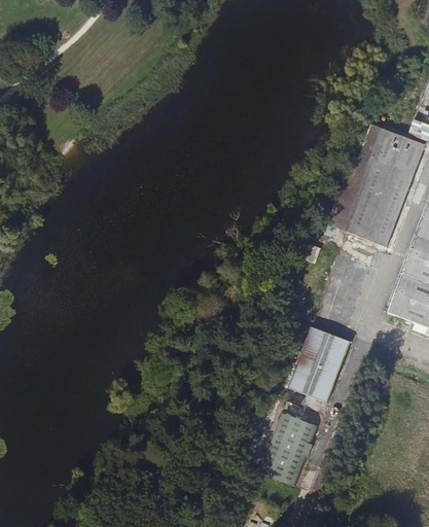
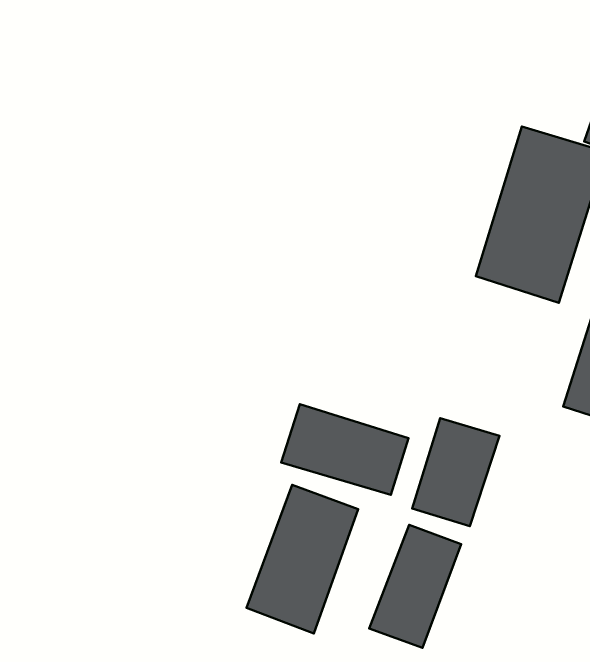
building: none -> [281,404,408,495]
building: none -> [246,485,358,633]

